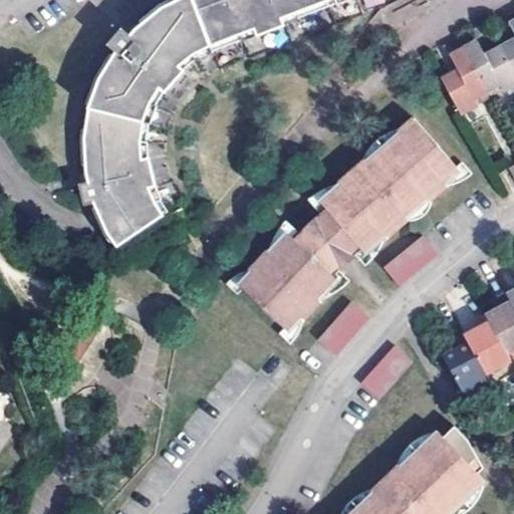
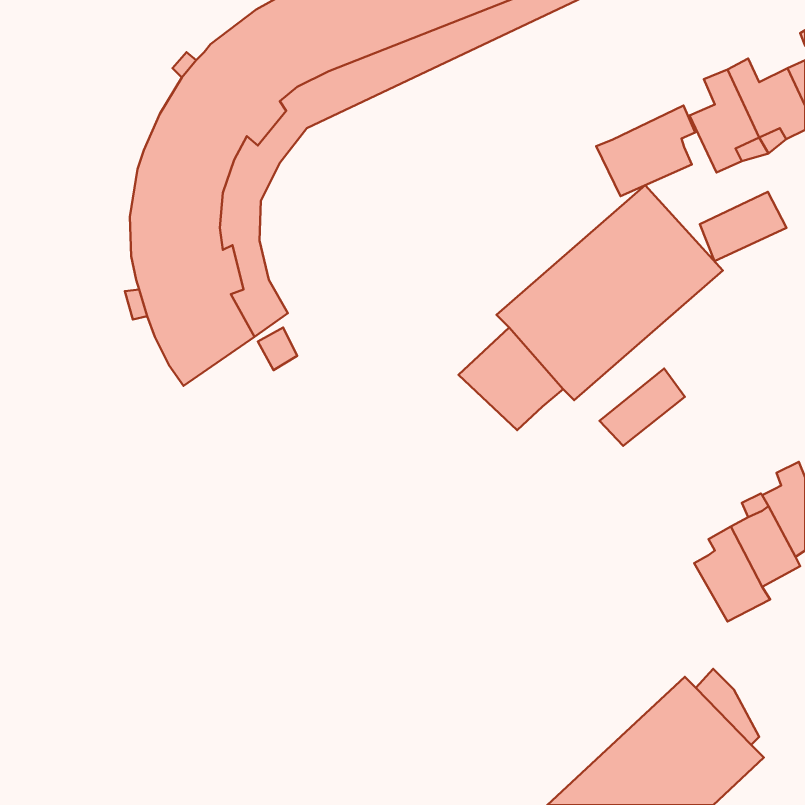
building: none -> [596,106,695,196]
building: none -> [700,192,786,261]
building: [235,231,337,332] -> none
building: [315,302,365,355] -> none
building: [358,343,412,398] -> none

